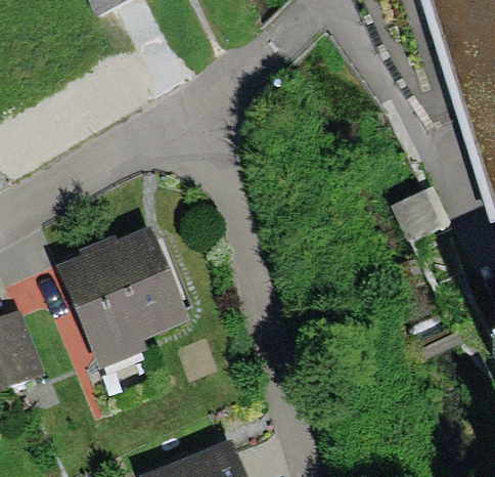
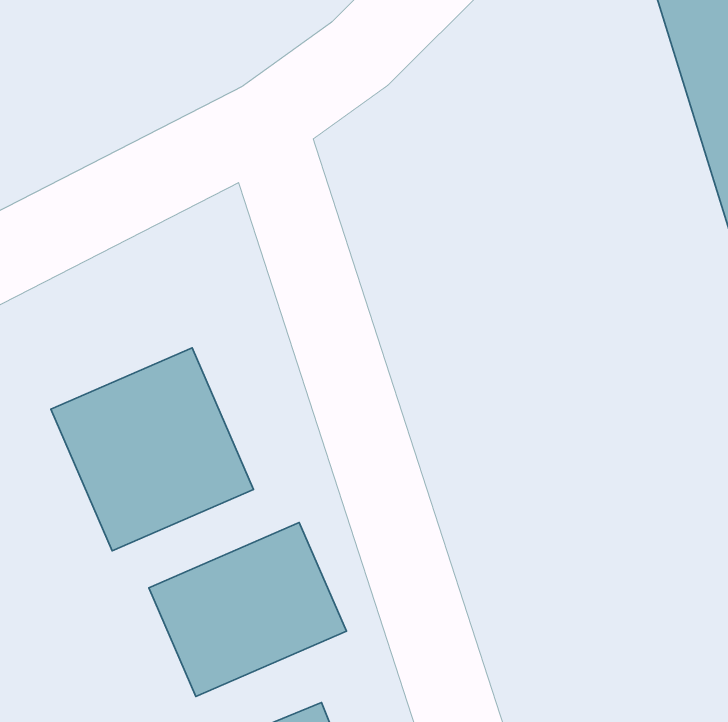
building: none -> [149,523,346,697]

